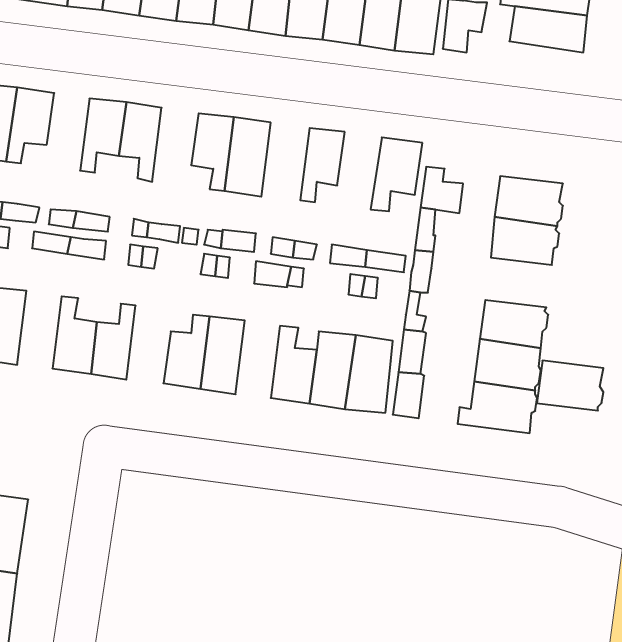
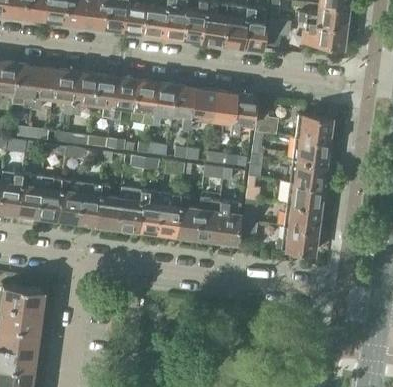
building: none -> [53,70,76,112]
building: none -> [110,78,135,119]
building: none -> [169,86,195,128]
building: none -> [210,91,234,133]
building: none -> [37,177,61,219]
building: none -> [96,185,120,227]
building: none -> [155,193,179,235]
building: [537,361,603,411] -> [290,159,326,186]

